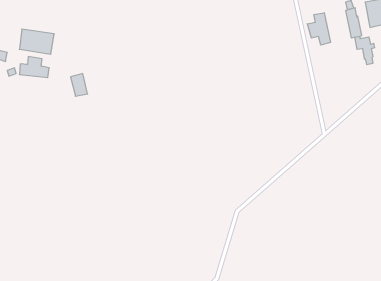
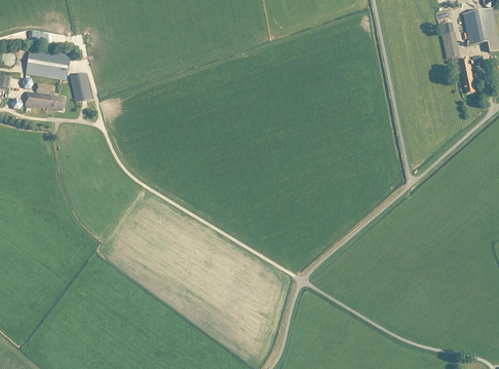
building: [307,13,330,45] -> none
building: [71,74,88,96] -> [70,73,91,102]

